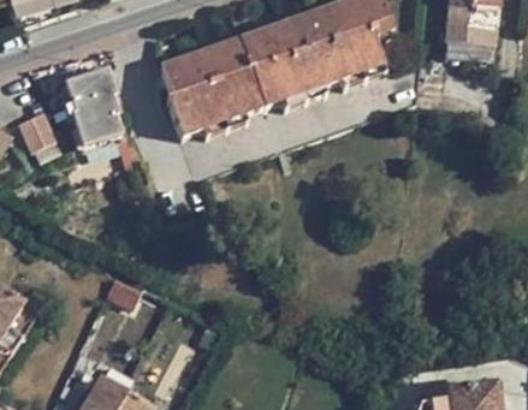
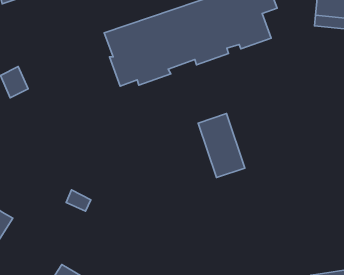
building: [65,66,121,144] -> none
building: none -> [198,114,245,178]

